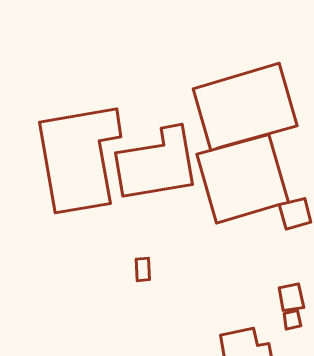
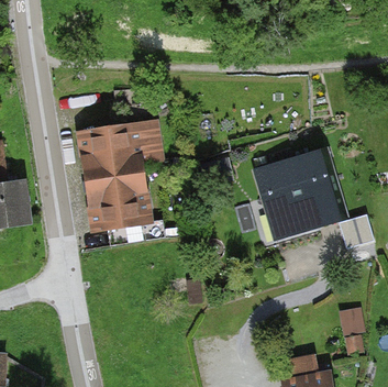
building: [193,63,297,150] -> none
building: [115,124,192,196] -> none

